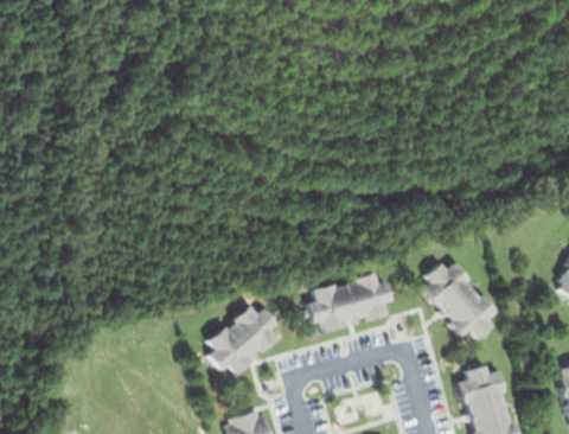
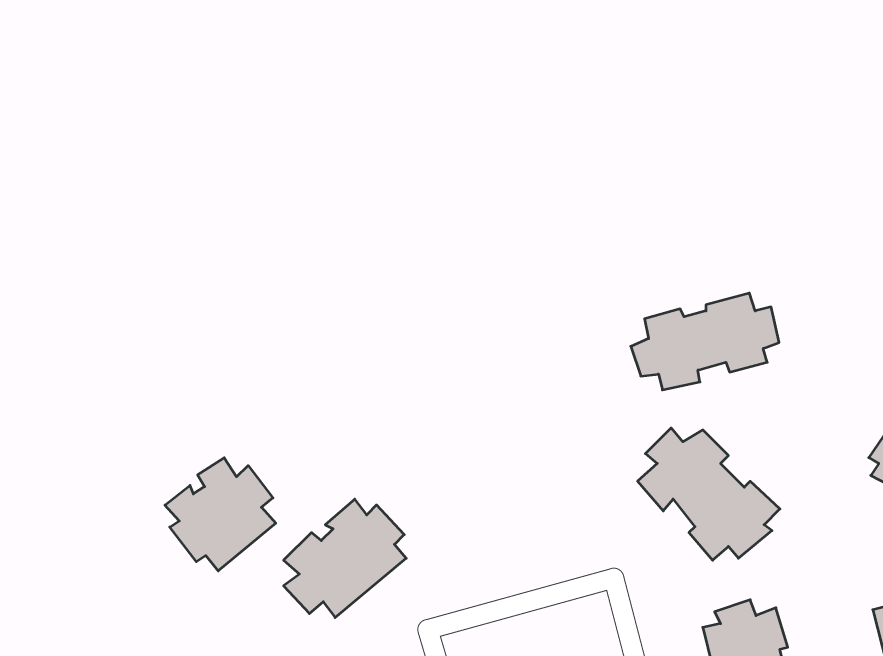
building: [305,273,394,331] -> [631,293,779,390]
building: none -> [165,458,276,571]

